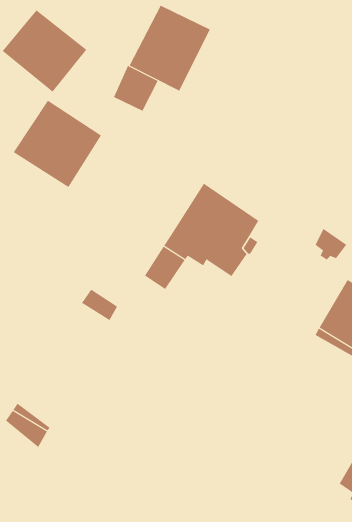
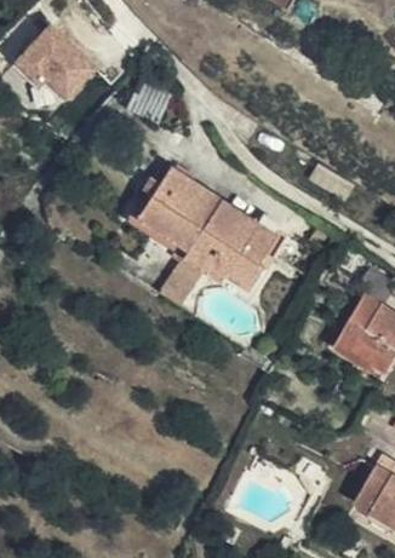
building: [129,5,210,91] -> none
building: [13,100,102,188] -> [127,161,218,251]

